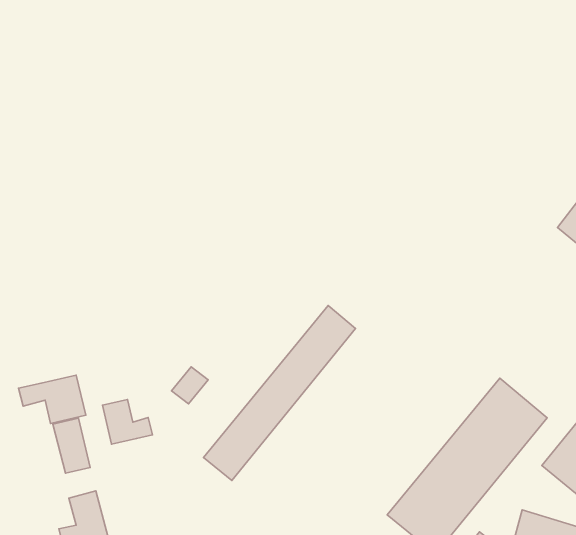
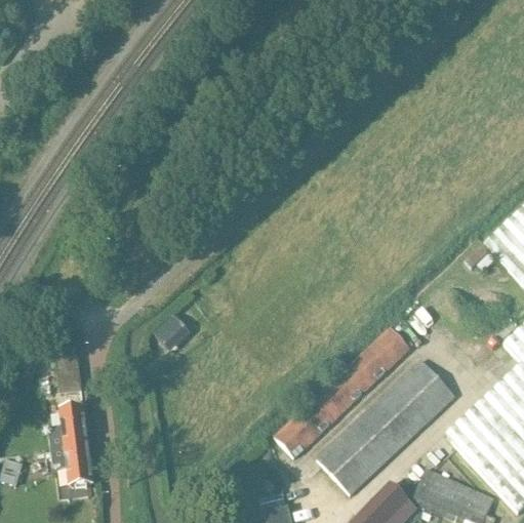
building: [204,306,355,481] -> [274,327,410,458]
building: [19,375,86,423] -> none
building: [102,400,153,444] -> none

